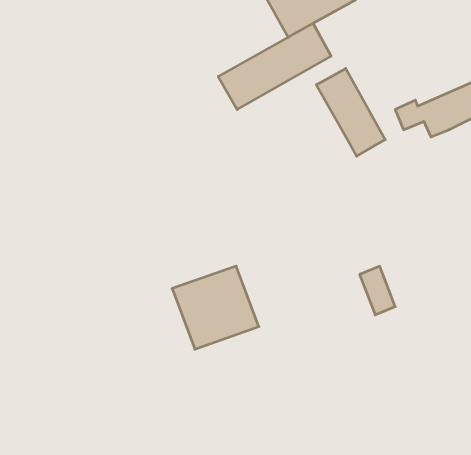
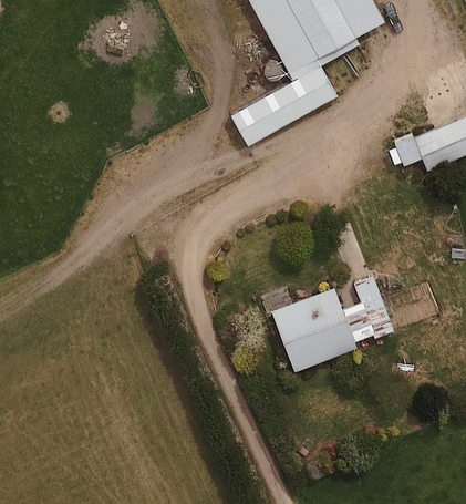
building: [316,68,385,156] -> none
building: [172,266,259,349] -> [275,290,355,368]

